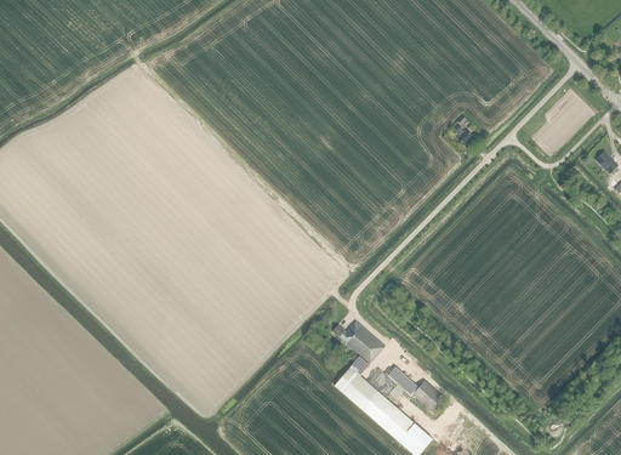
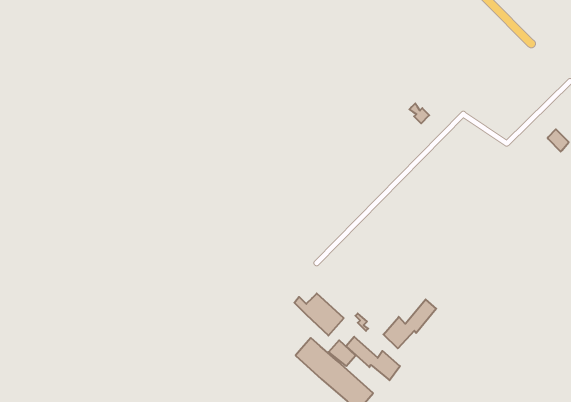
building: none -> [383,299,436,348]

